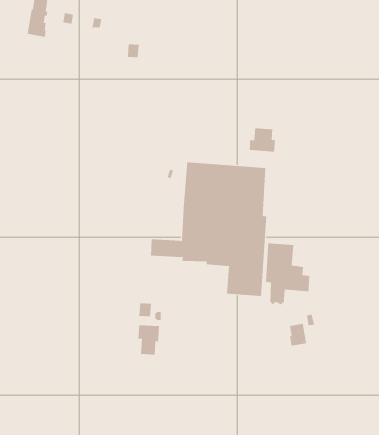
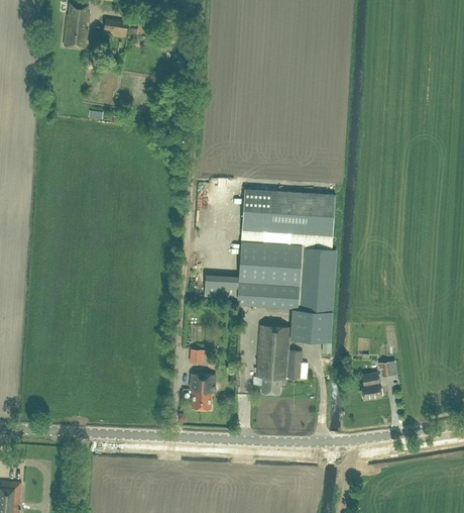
building: [249,128,276,153] -> none
building: [265,243,310,305] -> [256,325,308,396]

